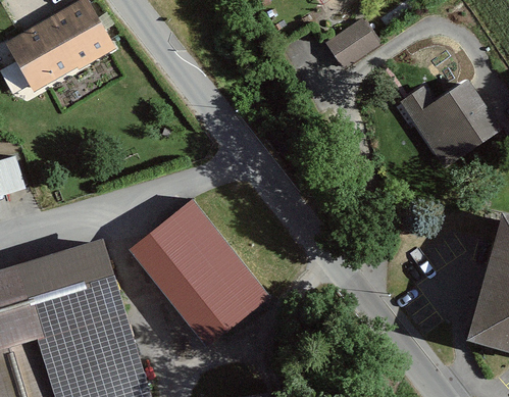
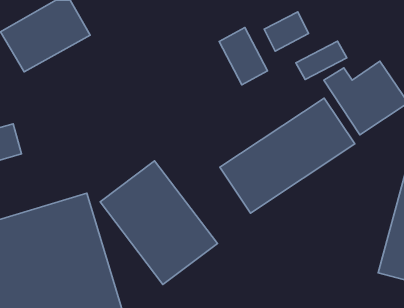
building: none -> [219,27,267,85]
building: none -> [296,41,347,80]
building: none -> [220,98,355,213]

